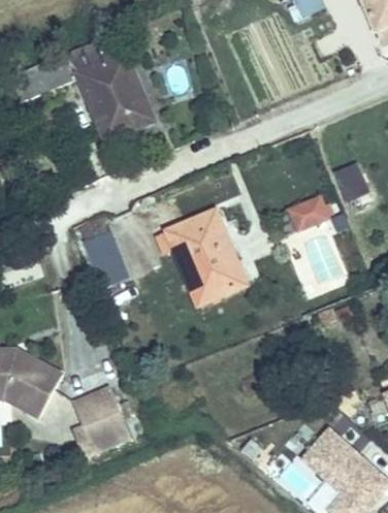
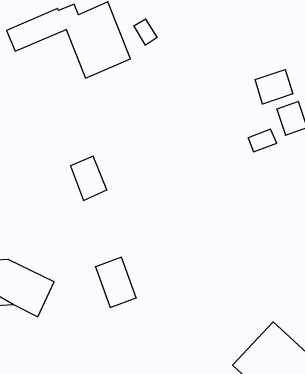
building: none -> [255,70,293,104]
building: [166,209,244,301] -> none
building: [89,396,137,456] -> [95,257,136,307]

